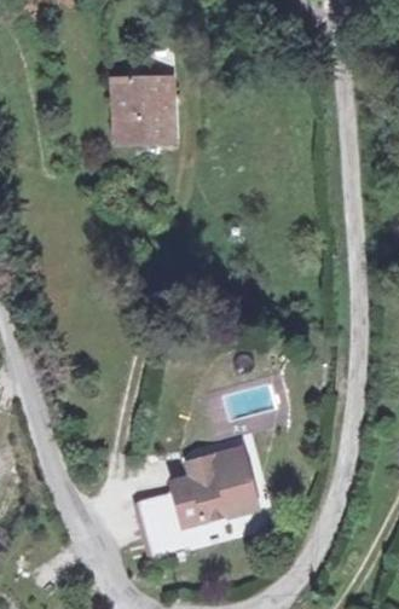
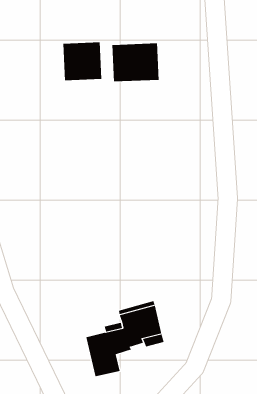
building: none -> [112,42,159,82]

